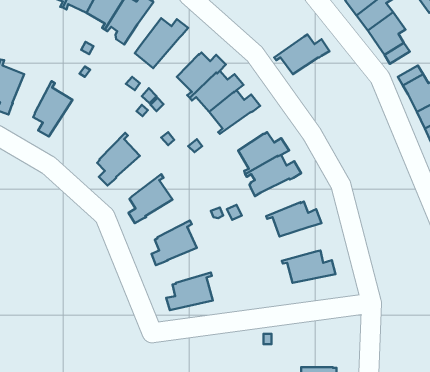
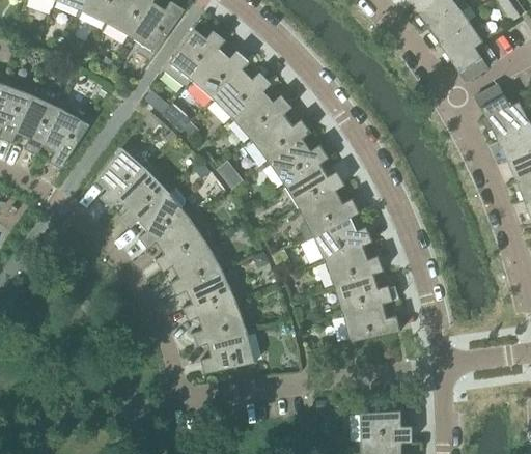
building: [274,35,330,74] -> [263,138,329,185]
building: none -> [192,48,249,97]
building: none -> [17,94,64,154]
building: none -> [96,147,151,206]
building: none -> [138,186,194,248]
building: none -> [312,217,372,262]
building: none -> [170,243,228,295]
building: none -> [334,274,393,315]
building: none -> [193,300,253,346]
building: none -> [353,409,412,442]

